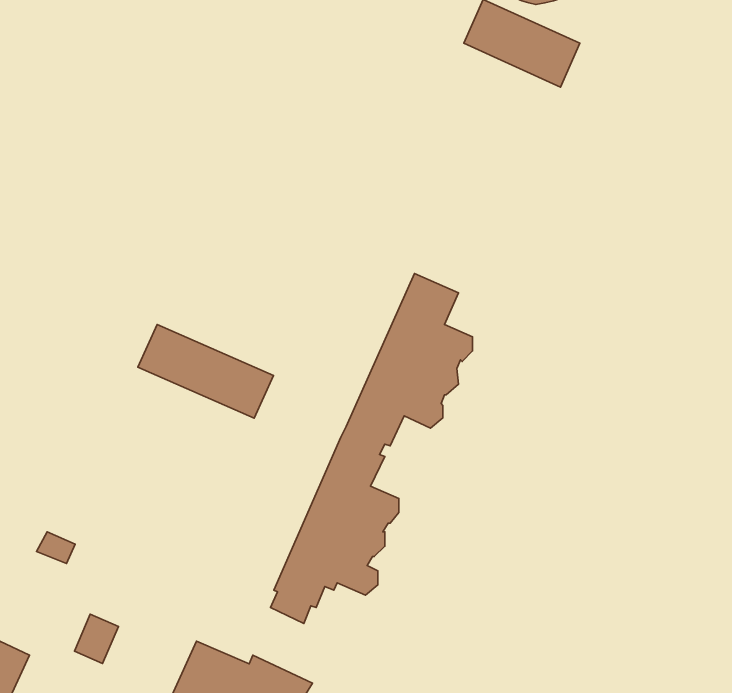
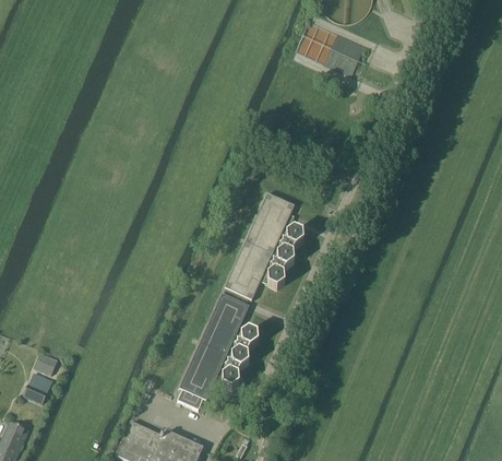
building: [138,325,274,418] -> none
building: [74,614,118,663] -> [23,373,50,403]

